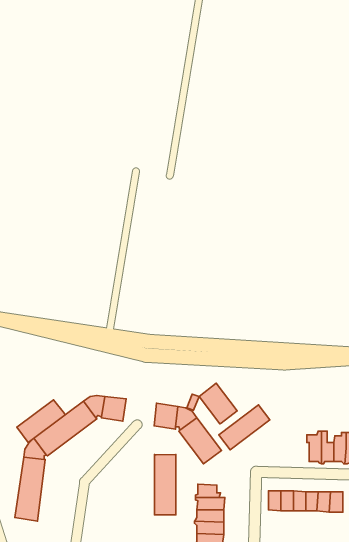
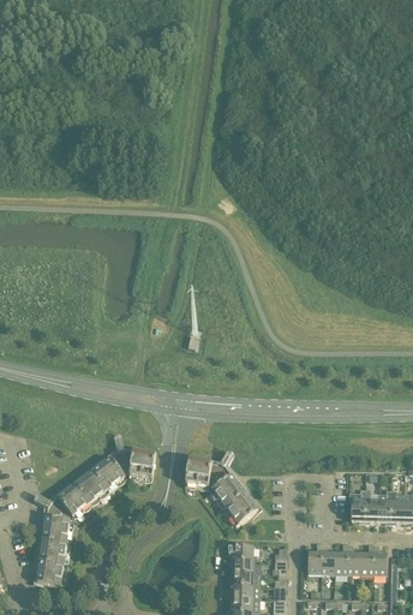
building: [199,383,237,424] -> none
building: [17,400,65,442] -> none
building: [219,405,270,450] -> none
building: [154,455,176,515] -> none

